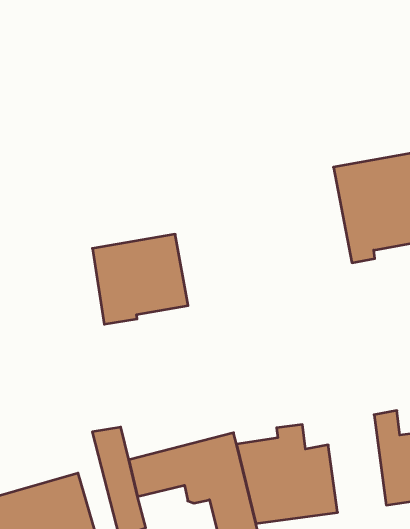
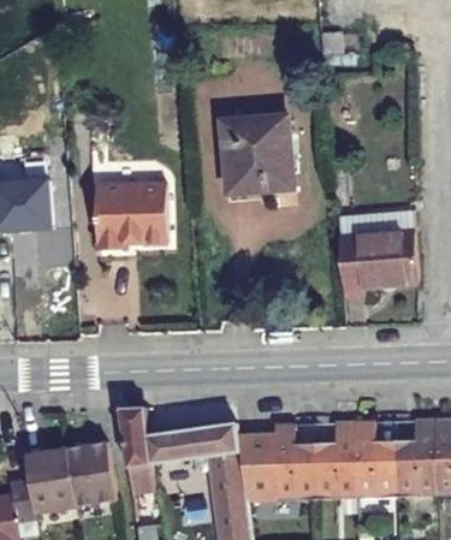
building: none -> [231,117,297,190]
building: [92,234,188,324] -> [102,179,176,247]
building: none -> [310,421,352,498]

